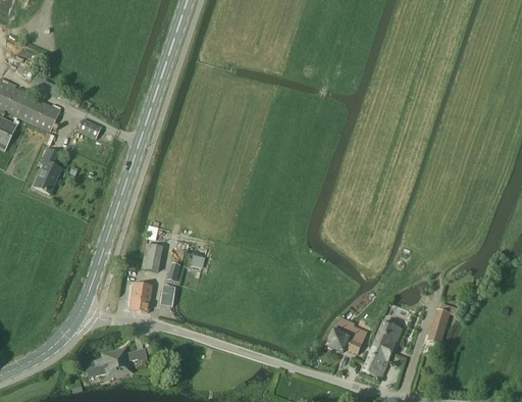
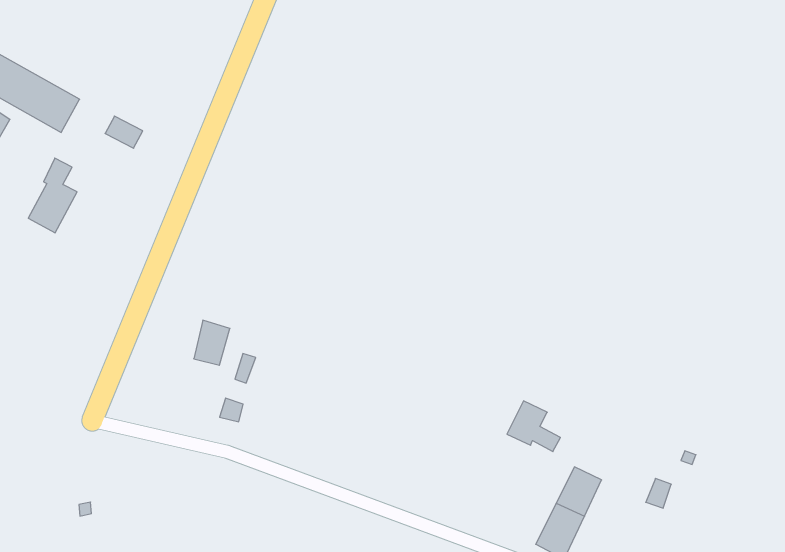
building: [130,283,152,311] -> none
building: [328,323,362,354] -> [507,401,560,452]
building: [86,347,147,375] -> none

